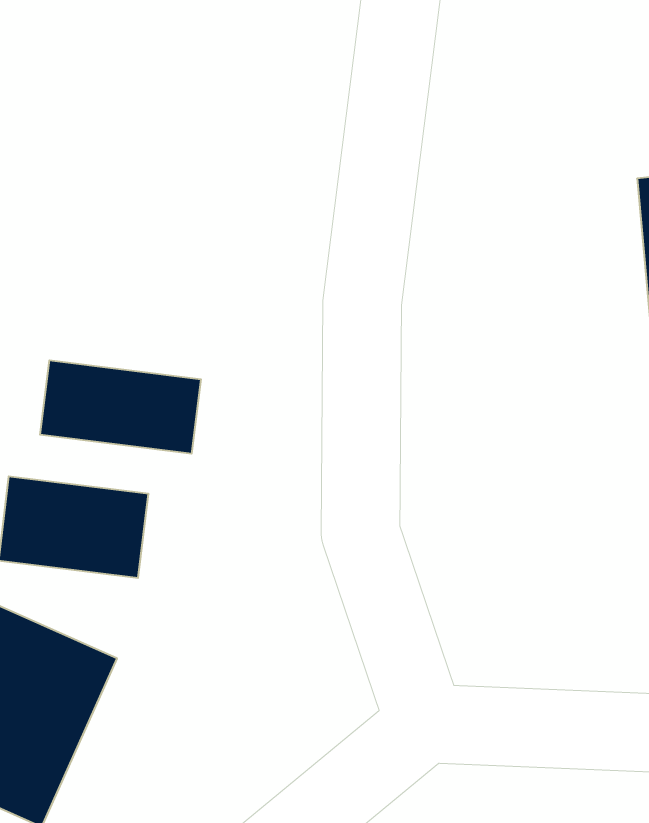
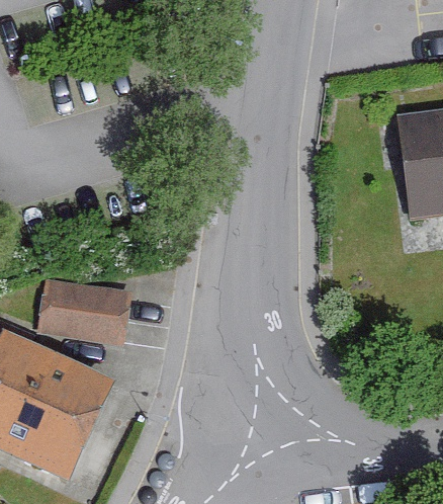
building: [40,360,201,454] -> none

